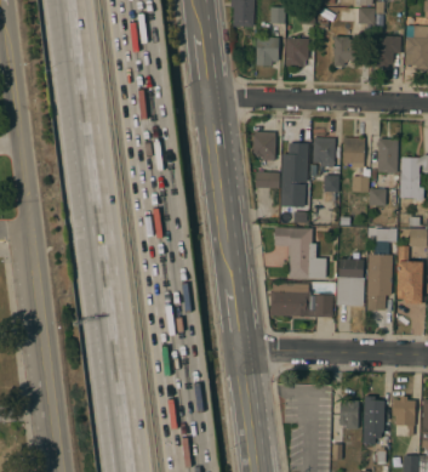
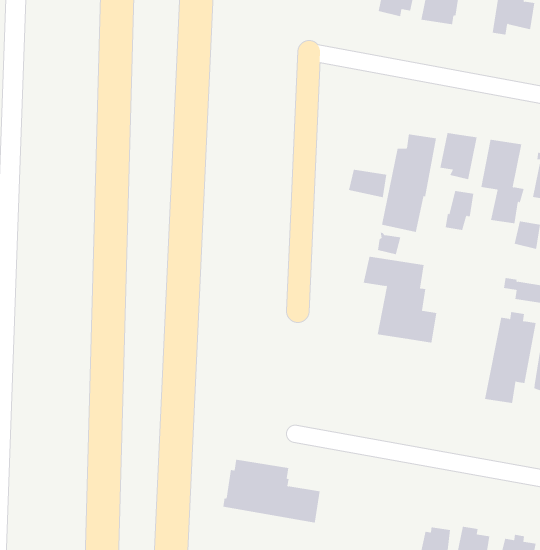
building: [255,132,275,160] -> none
building: [337,260,365,307] -> none
building: [269,284,332,318] -> [223,459,320,523]

